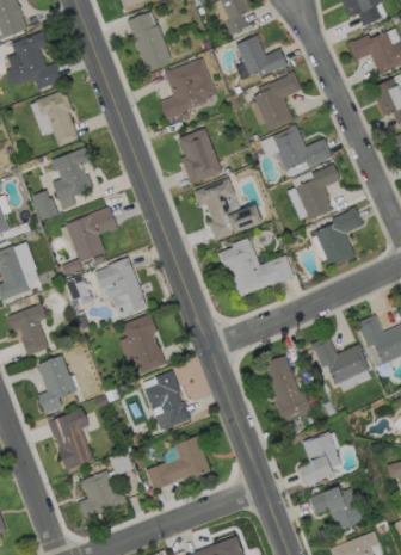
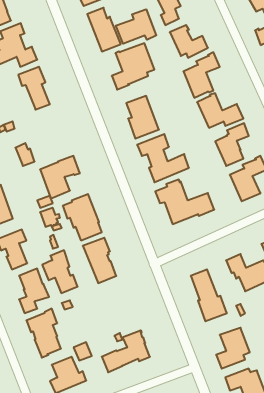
building: none -> [116,9,156,44]
building: [51,147,93,202] -> none
building: [144,370,191,426] -> [42,250,78,293]

